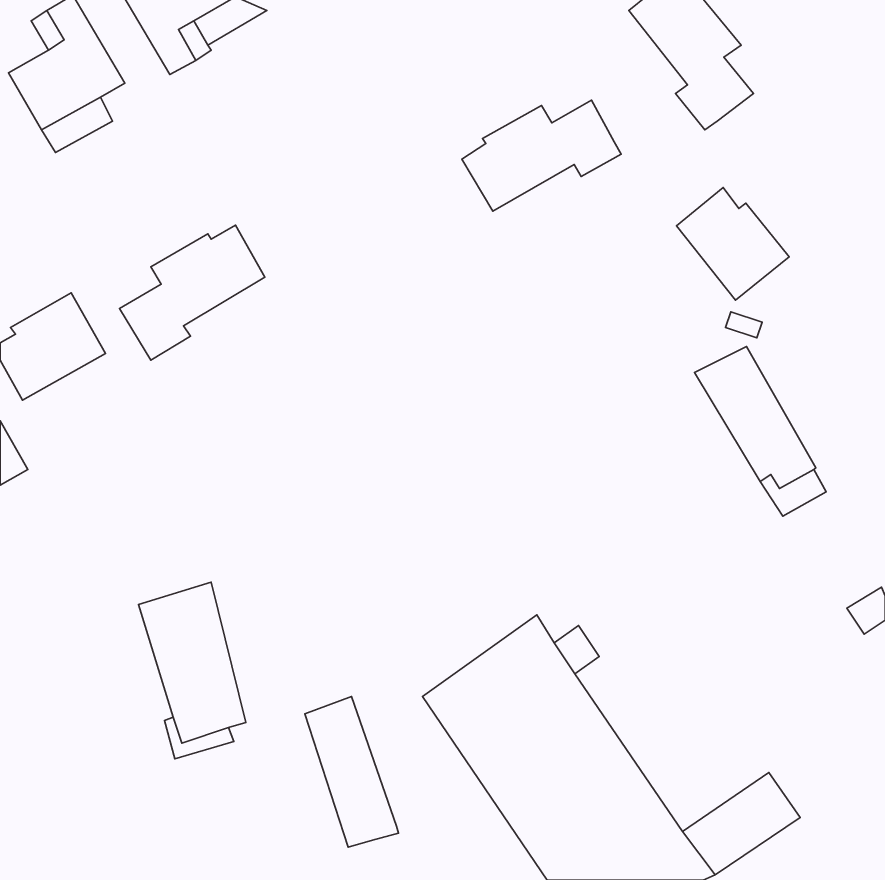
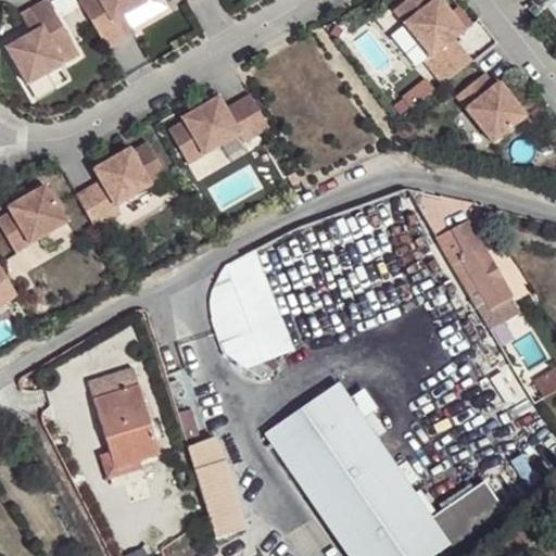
building: [462,100,621,211] -> [168,92,268,162]
building: [677,188,789,300] -> [456,70,527,140]
building: none -> [210,249,291,364]

